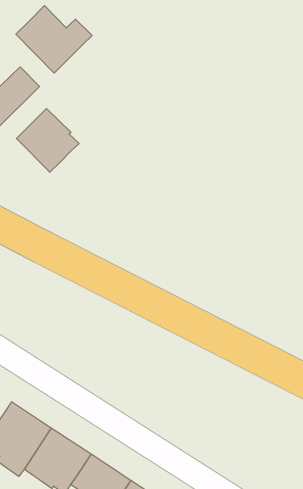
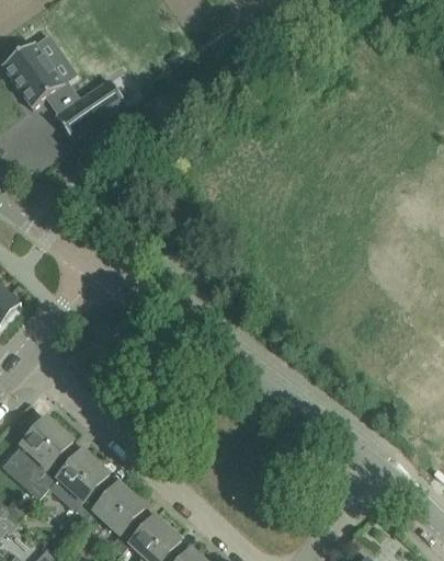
building: [16,6,92,73] -> none
building: [16,109,79,172] -> none

